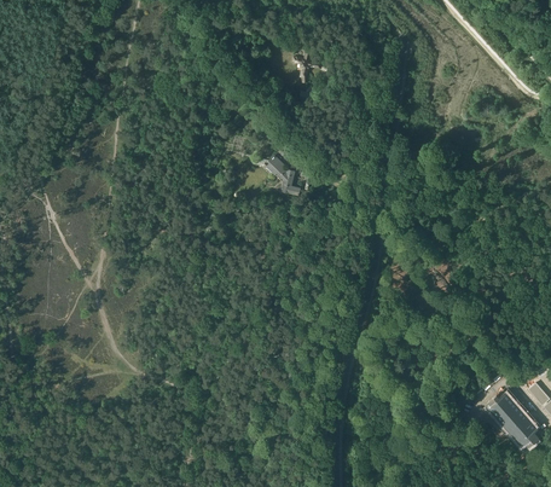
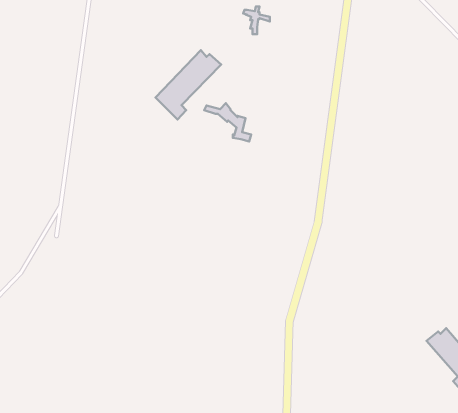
building: none -> [155,50,221,120]

